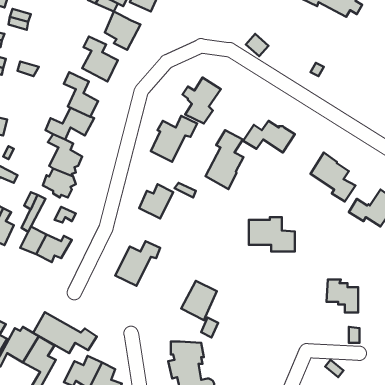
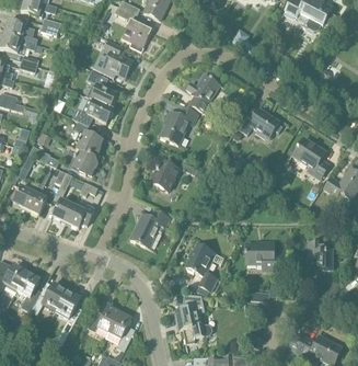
building: [206,130,243,189] -> none
building: [249,217,295,251] -> [245,241,284,270]
building: [33,312,97,353] -> none

